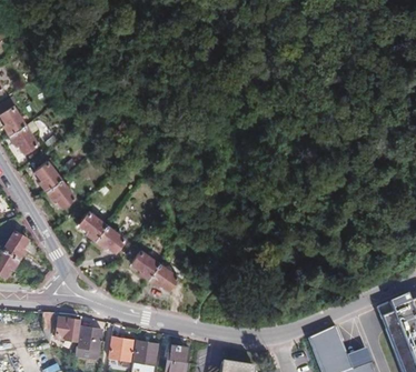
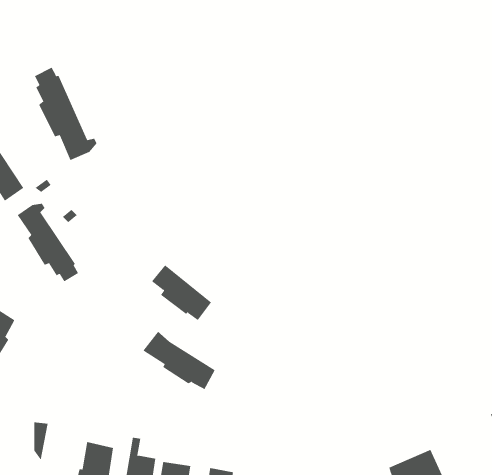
building: none -> [34,67,97,161]
building: [78,209,122,250] -> [151,265,212,321]
building: [55,318,80,341] -> none

